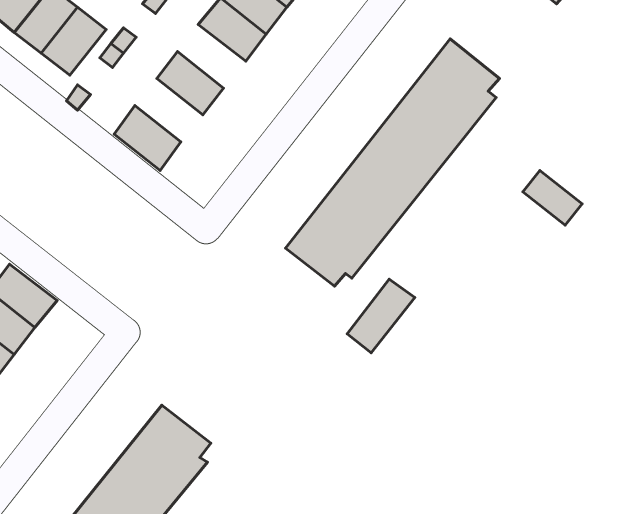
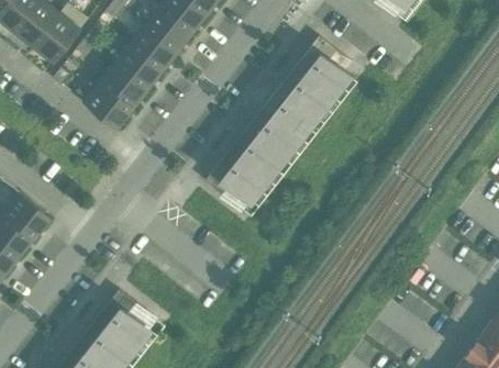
building: none -> [131,27,178,71]
building: none -> [101,65,148,109]
building: [523,171,582,225] -> none
building: [347,279,415,353] -> none

